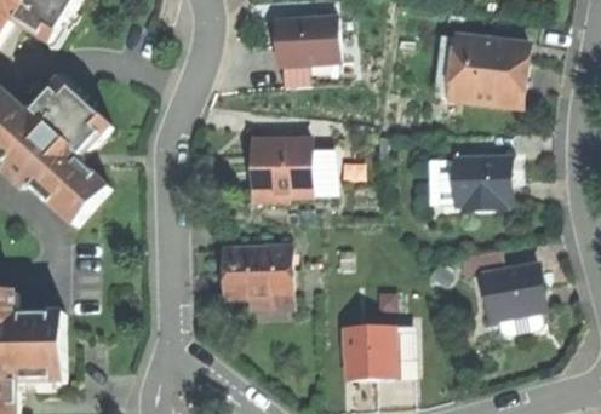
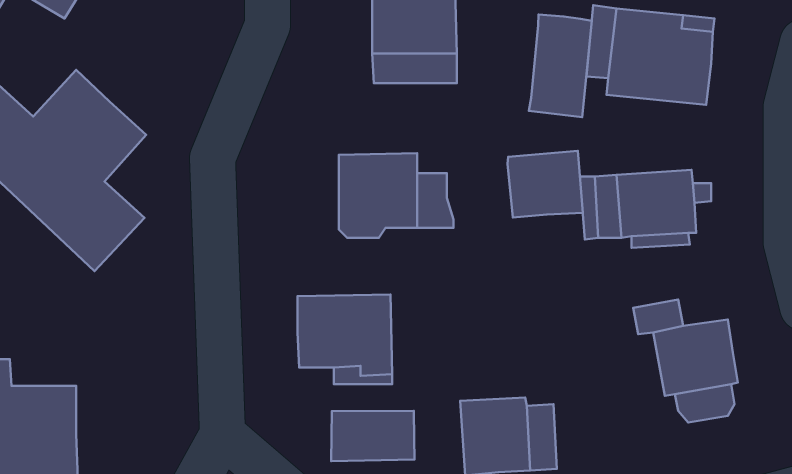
building: none -> [529,14,592,117]
building: none -> [507,151,583,218]
building: none -> [331,411,415,461]

